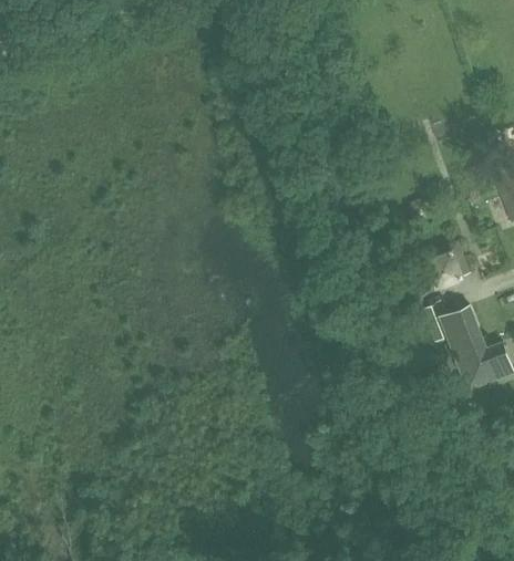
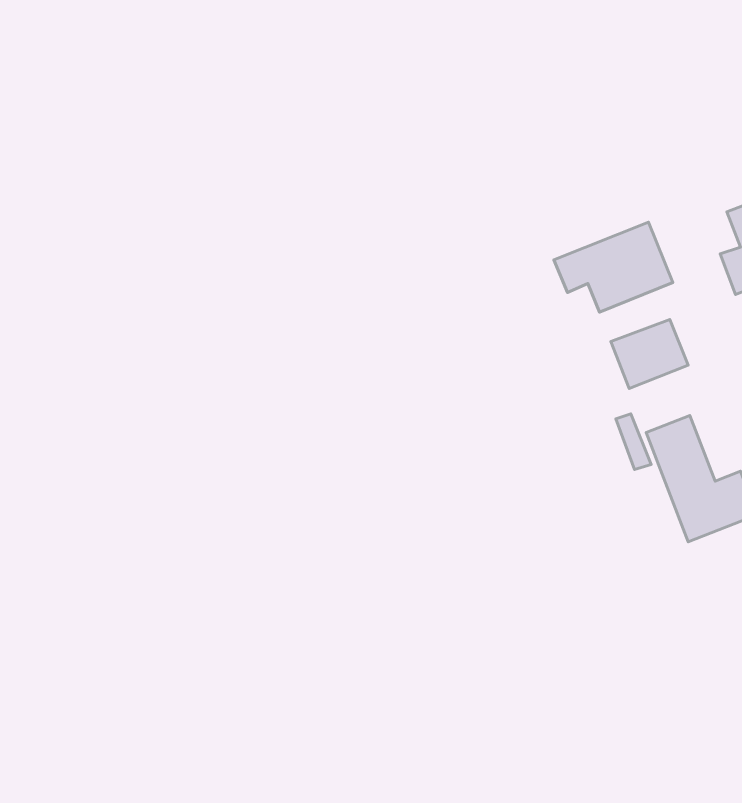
building: none -> [554,222,673,312]

